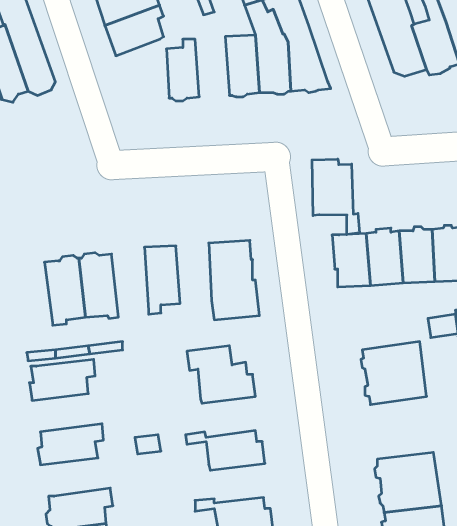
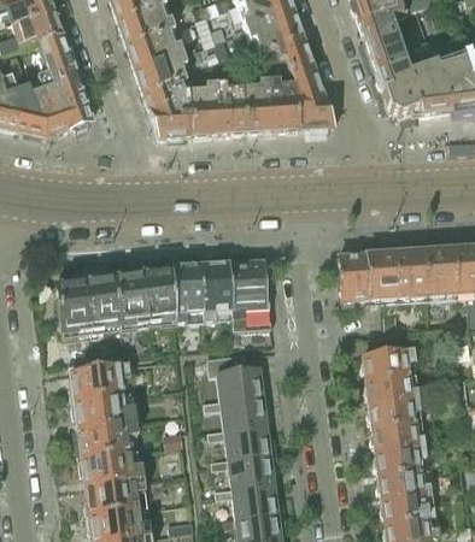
building: none -> [215,79,245,134]
building: none -> [145,82,192,137]
building: [312,159,359,235] -> none
building: none -> [198,261,229,322]
building: none -> [141,265,174,326]
building: none -> [54,277,89,338]
building: none -> [71,394,133,428]
building: none -> [203,396,270,432]
building: none -> [366,396,424,452]
building: none -> [78,450,140,484]
building: none -> [210,455,278,490]

